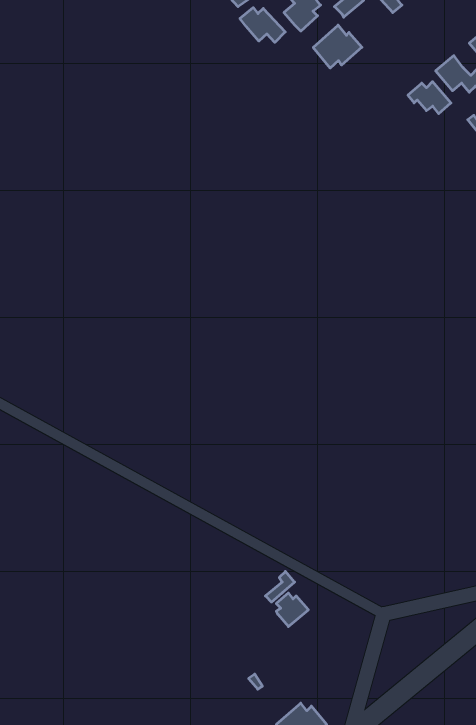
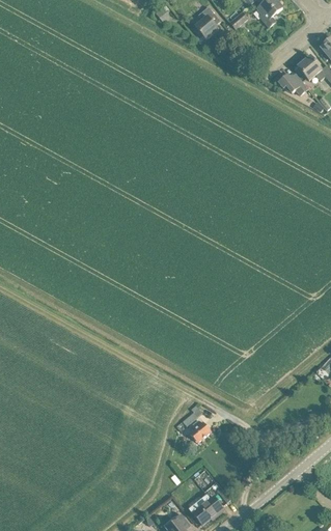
building: [240,8,285,42] -> none
building: [313,25,362,68] -> none

